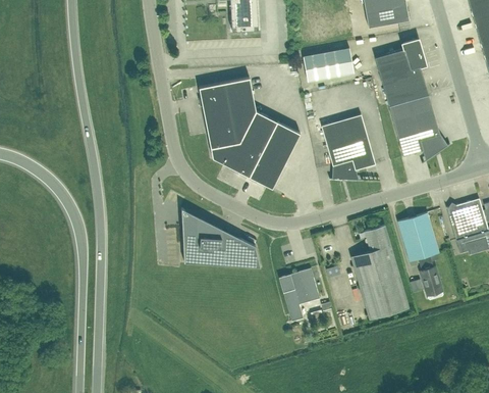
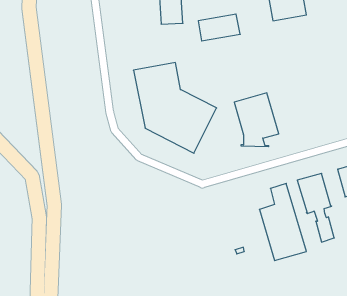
building: [375,37,449,160] -> none
building: [304,48,355,81] -> [198,14,240,41]
building: [183,222,260,266] -> none
building: [279,267,320,322] -> none

